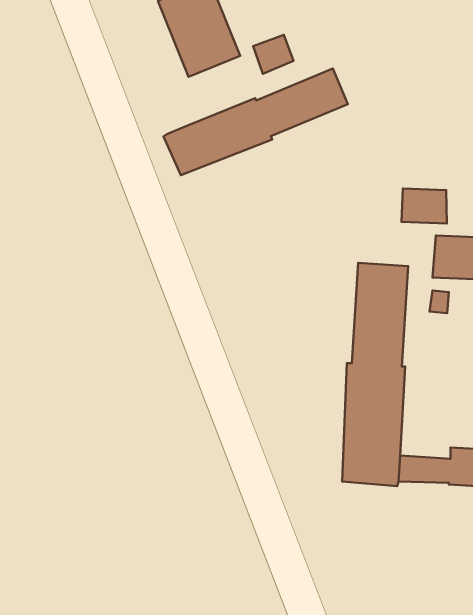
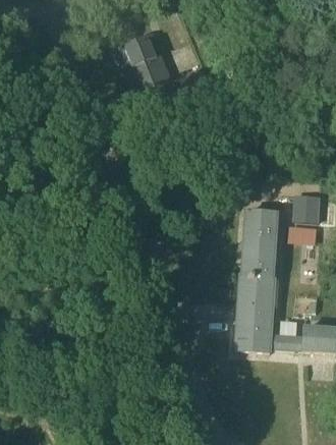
building: [164,69,348,175] -> none
building: [402,188,447,224] -> none

